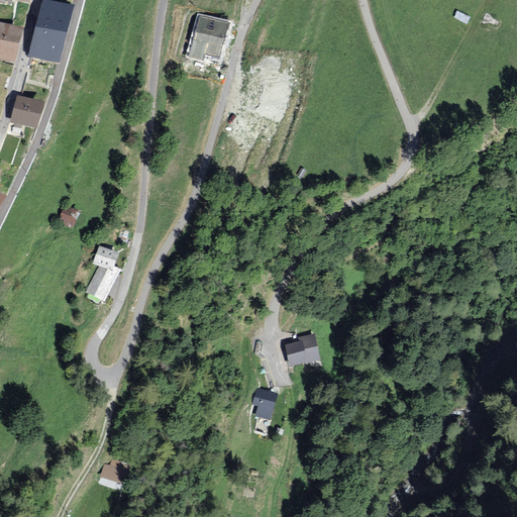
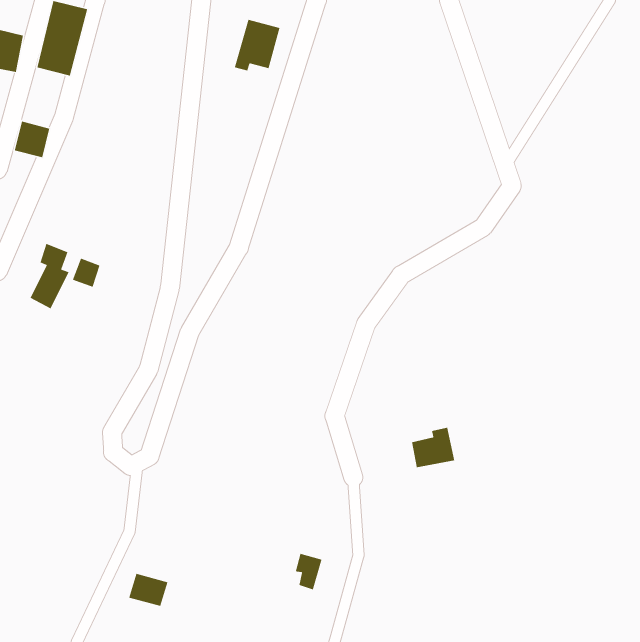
building: [85,246,117,300] -> [30,243,70,309]
building: [288,335,323,369] -> [411,427,455,468]
building: [252,389,275,419] -> [295,553,322,591]

